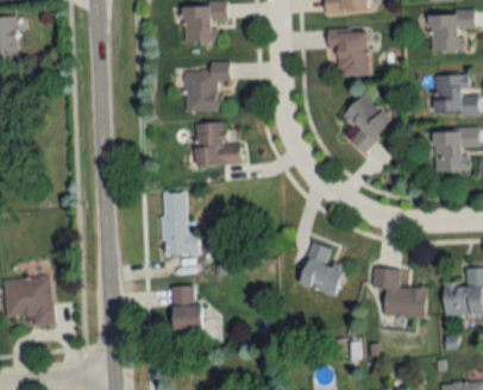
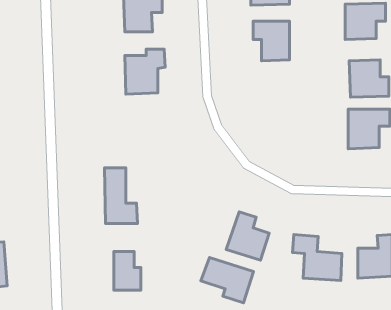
building: [340,93,394,153] -> none
building: [194,122,240,166] -> none
building: none -> [201,257,253,303]

